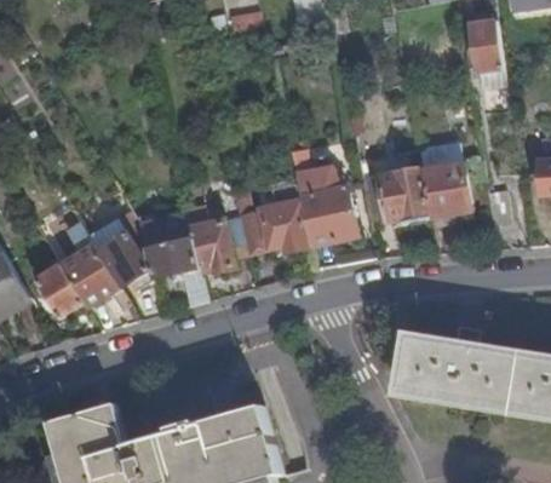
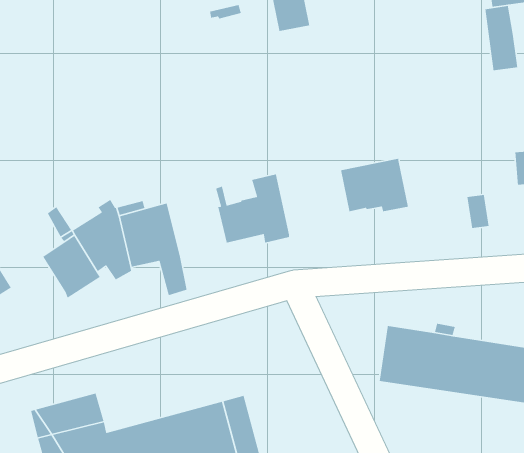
building: [469,18,503,85] -> [485,5,518,71]
building: [288,148,356,243] -> none
building: [419,161,469,215] -> none
building: [185,205,245,270] -> none
building: [35,265,82,316] -> none

